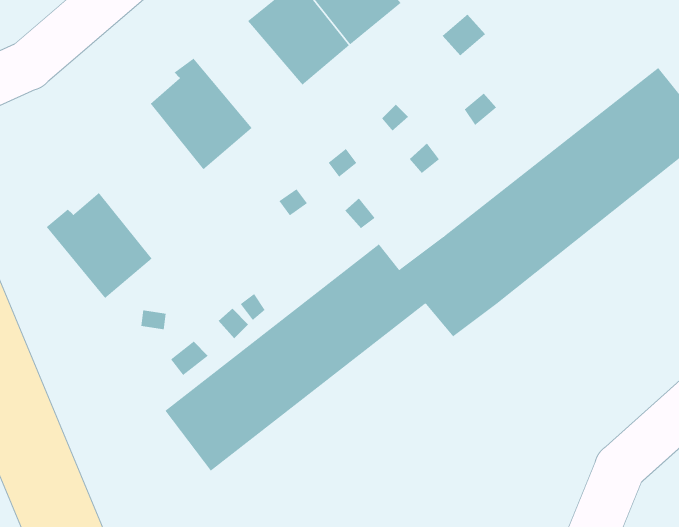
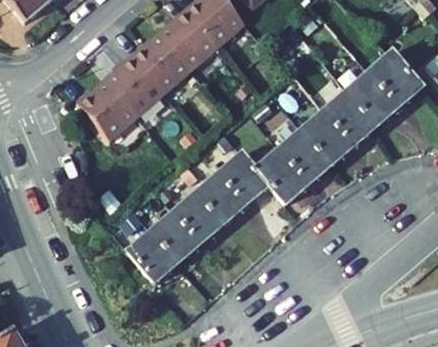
building: none -> [134,33,193,92]
building: [46,192,152,299] -> [80,79,139,138]

